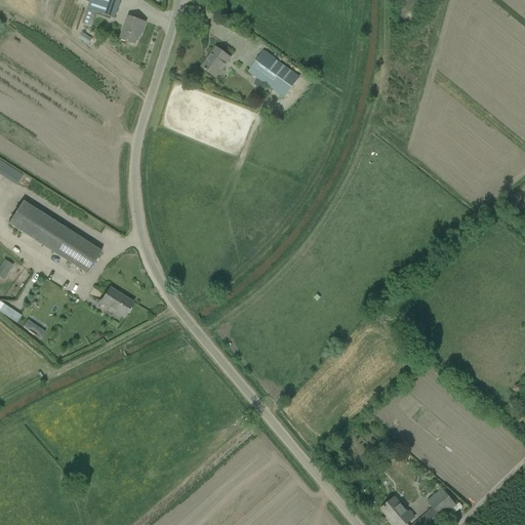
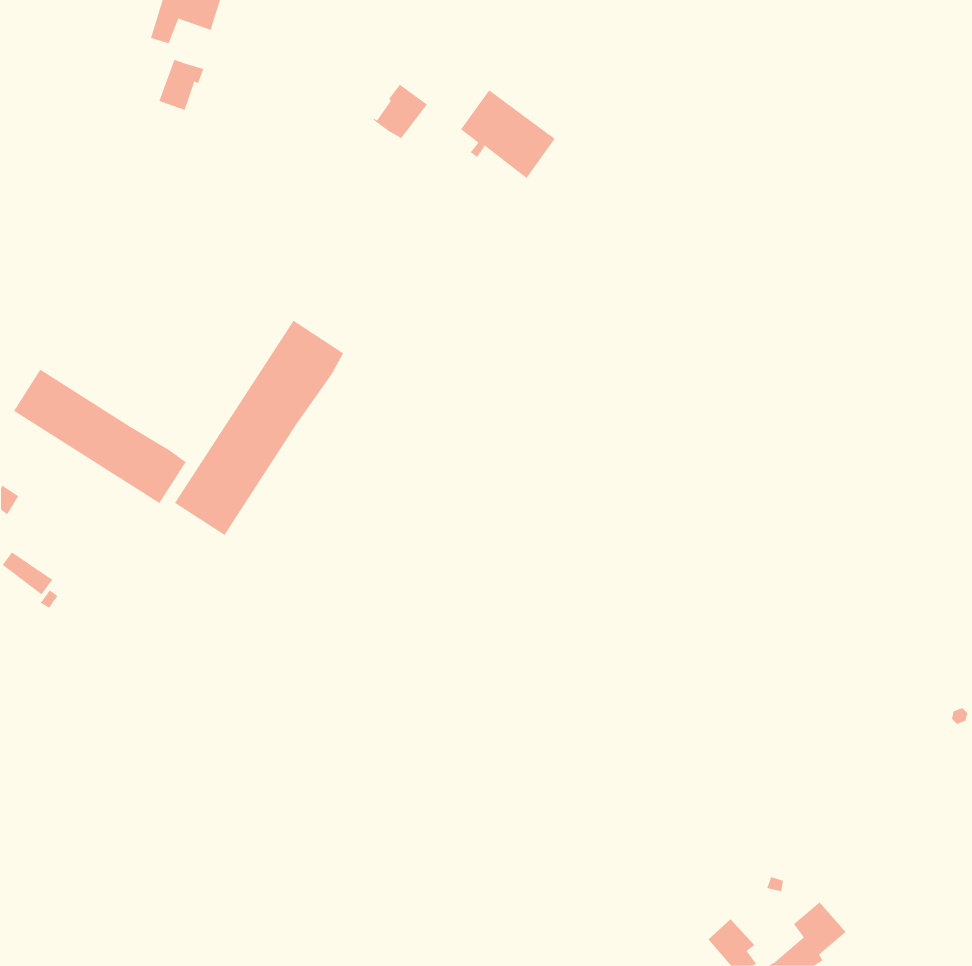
building: [120,14,145,42] -> [159,59,204,111]
building: none -> [174,320,344,536]
building: [99,285,132,316] -> none

